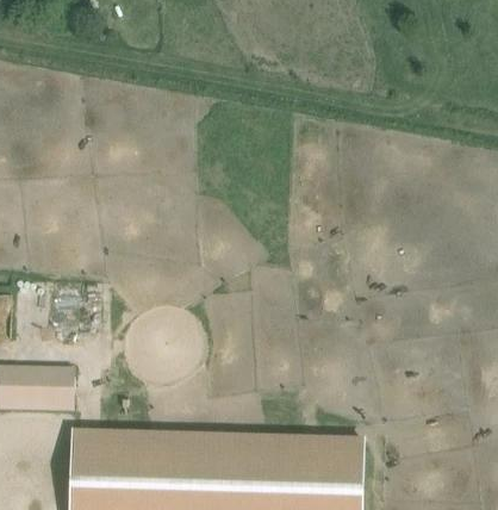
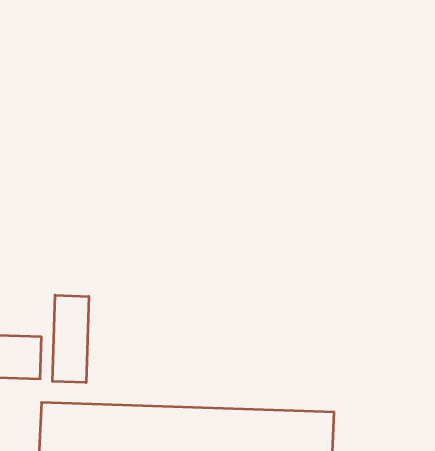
building: none -> [52,295,89,383]

